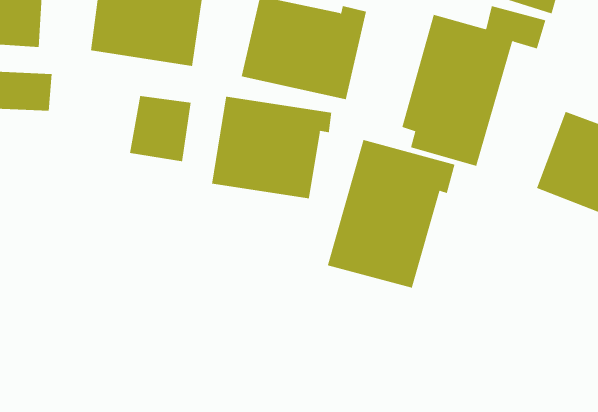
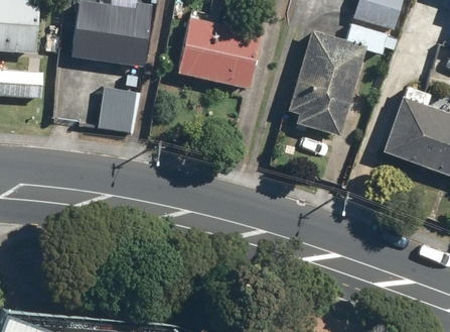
building: [212,96,332,199] -> none
building: [327,139,455,288] -> none

